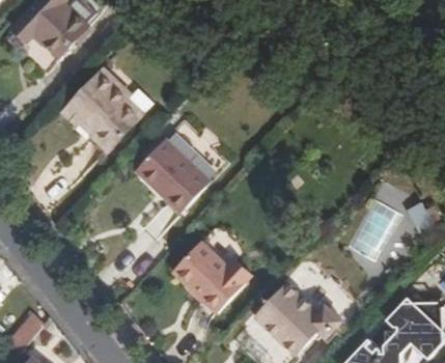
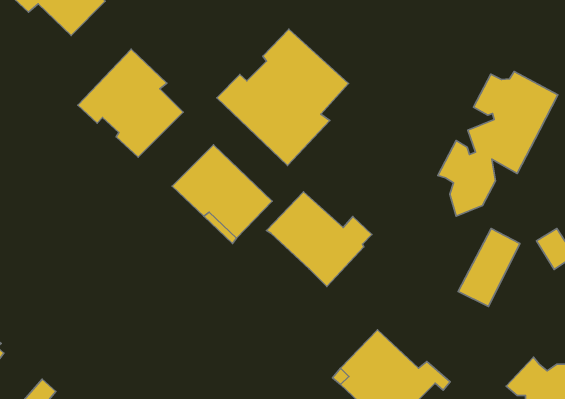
building: none -> [217,29,349,165]
building: none -> [438,72,558,216]
building: [169,238,249,309] -> [267,192,372,287]

